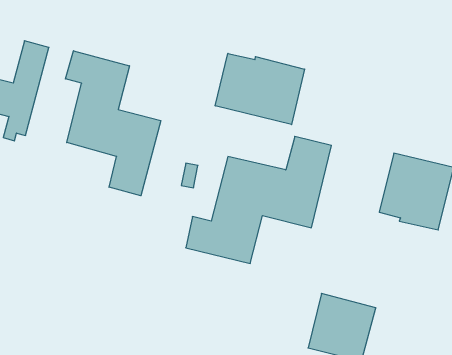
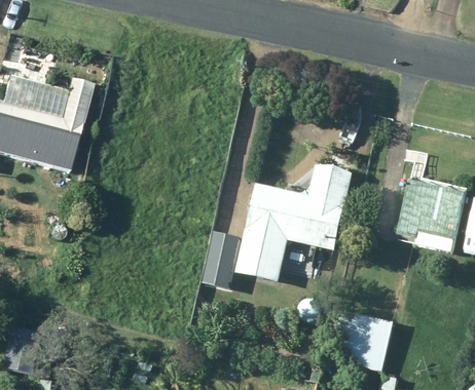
building: [65,51,161,196] -> none
building: [215,53,305,125] -> none

